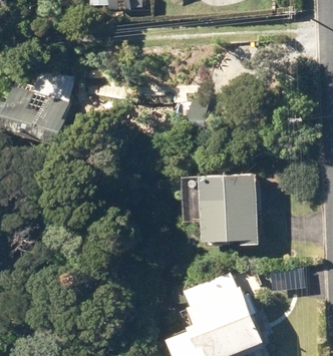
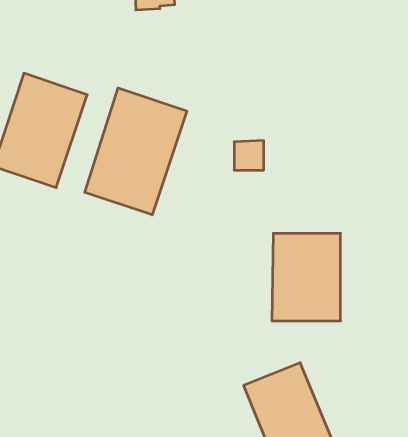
building: none -> [85,88,187,215]

